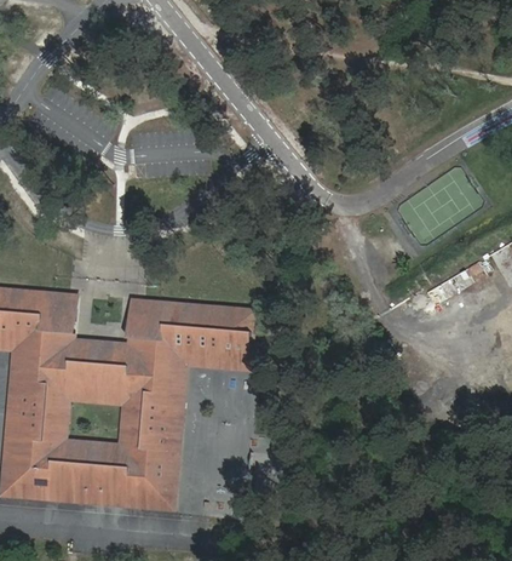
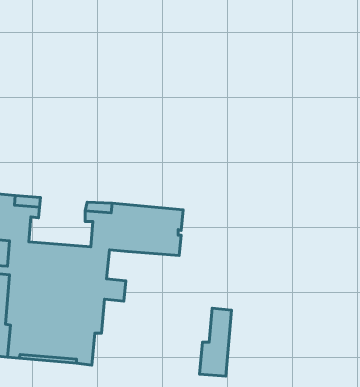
building: [59,320,139,357] -> none
building: [156,361,183,400] -> none
building: [138,423,178,508] -> [200,308,232,376]

